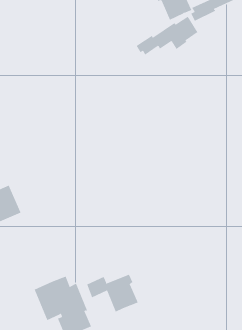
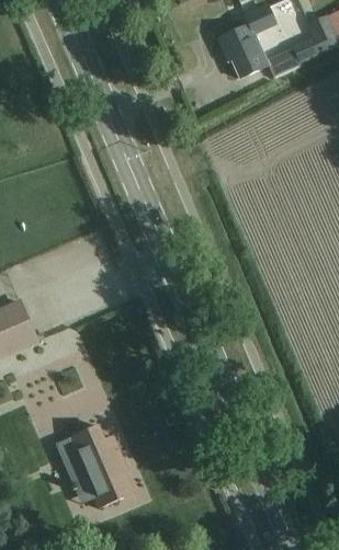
building: [136,16,198,56] -> none
building: [86,274,138,312] -> none

